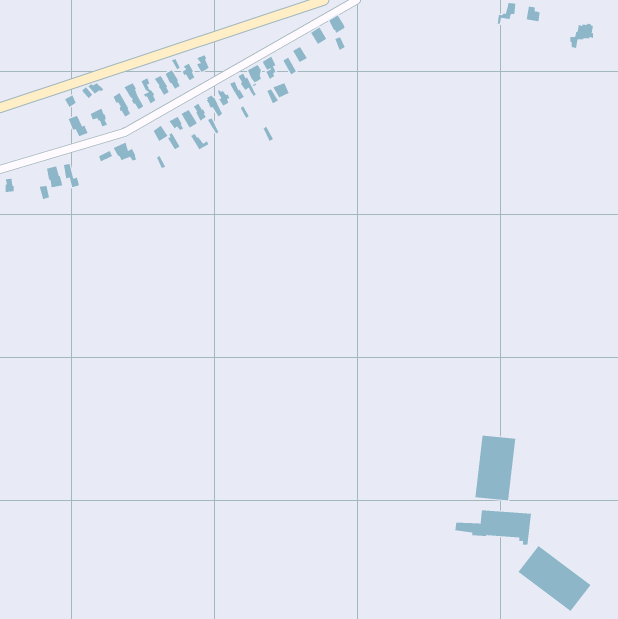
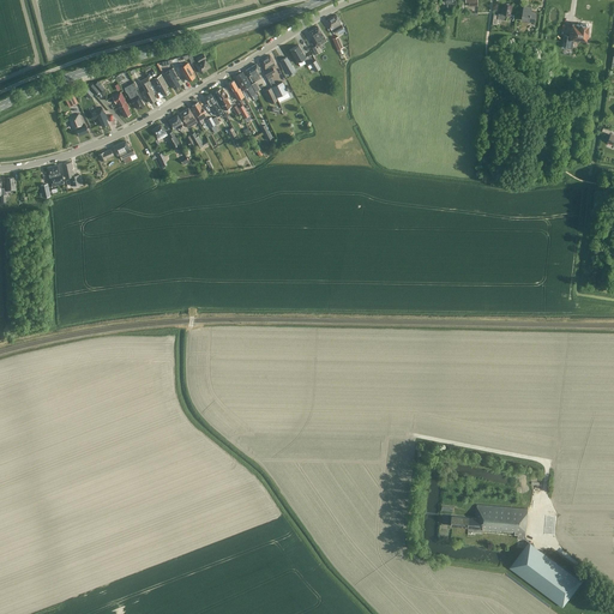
building: [475,435,516,501] -> none

